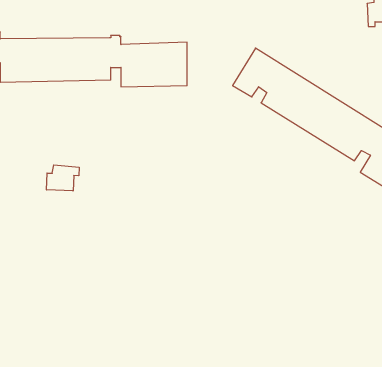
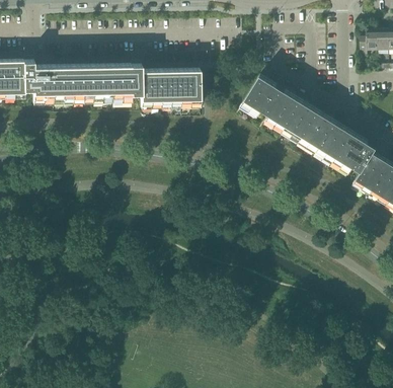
building: [47,165,79,191] -> none

